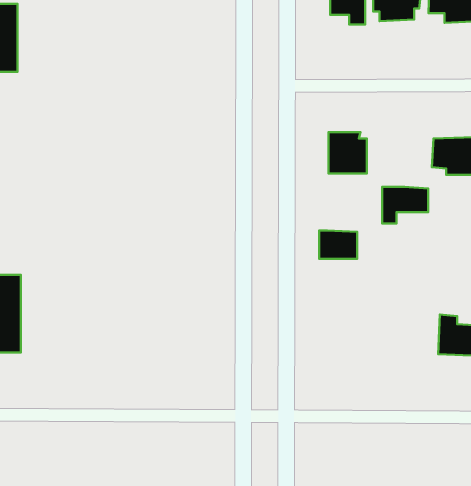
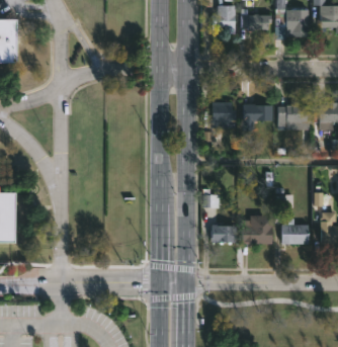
building: [382,187,428,223] -> [243,104,272,127]
building: [319,230,357,259] -> [212,225,236,243]
building: none -> [240,216,272,245]

